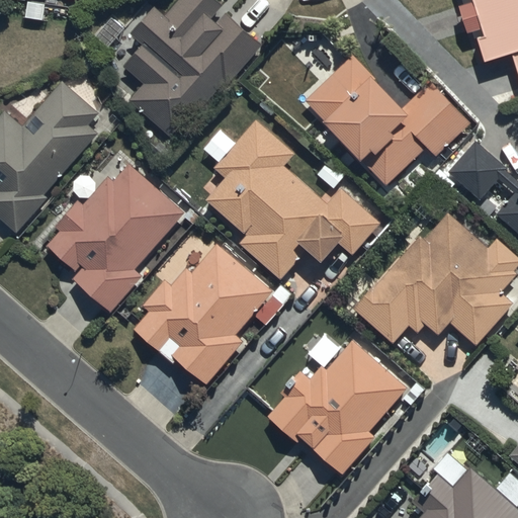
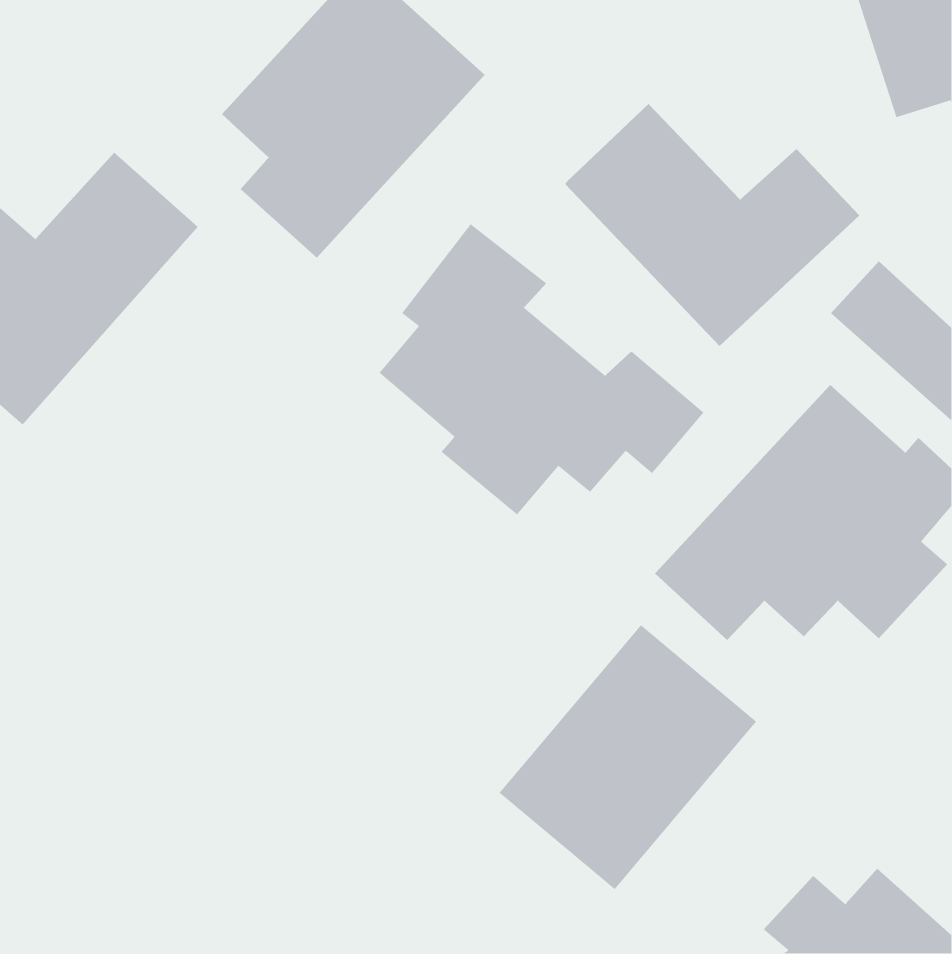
building: [39,160,187,311] -> none
building: [128,242,275,383] -> none

